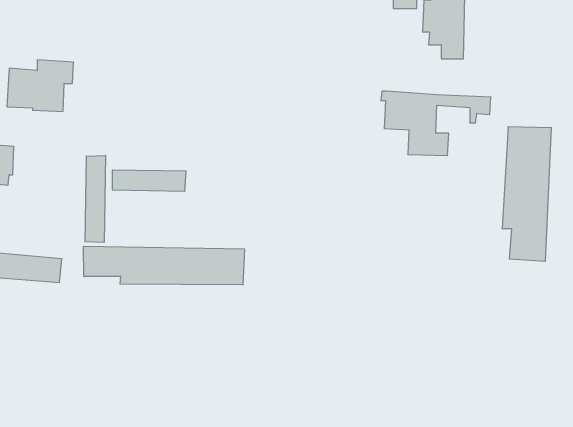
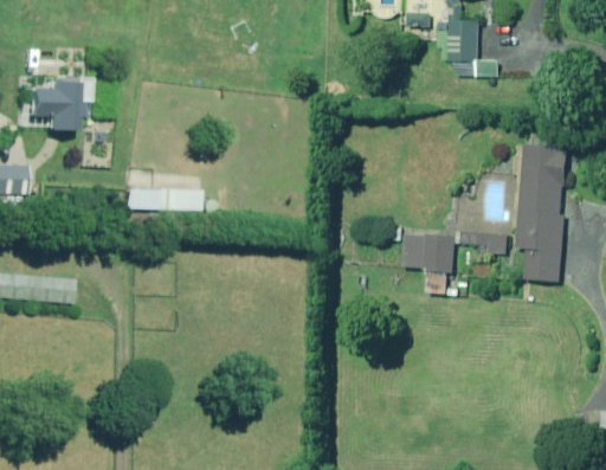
building: [381,91,491,156] -> [398,228,509,294]
building: [85,155,105,242] -> none
building: [83,246,244,285] -> none

